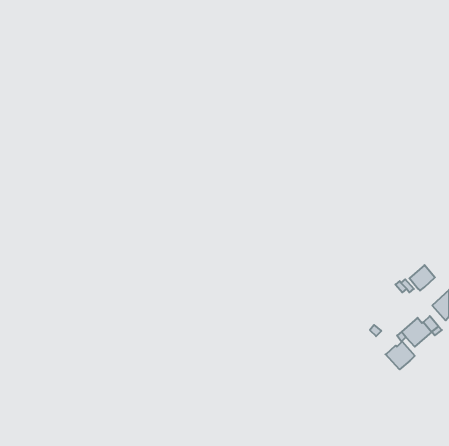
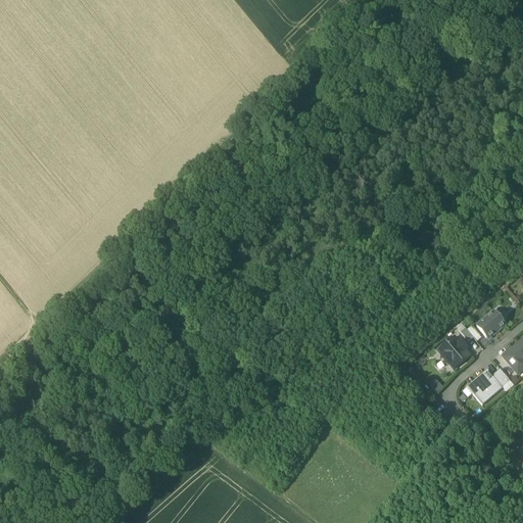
building: none -> [438,336,470,367]
building: [385,342,415,369] -> none

